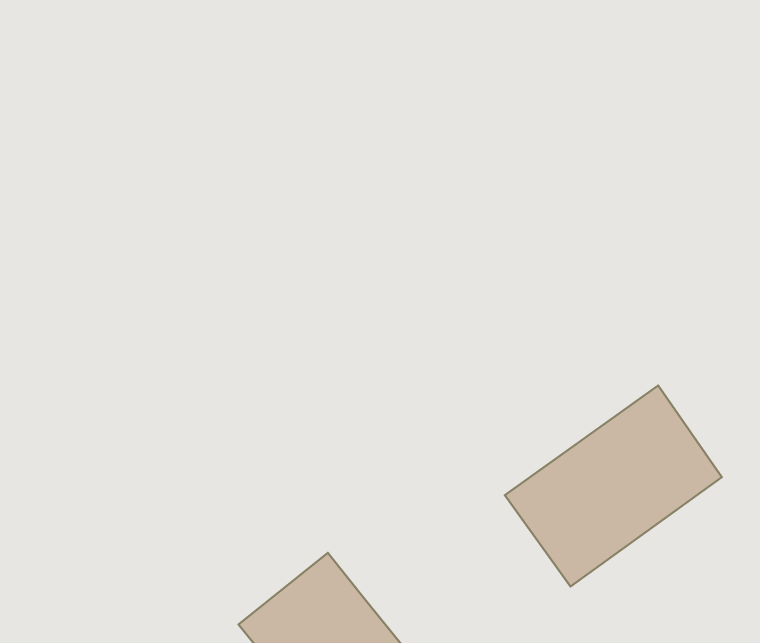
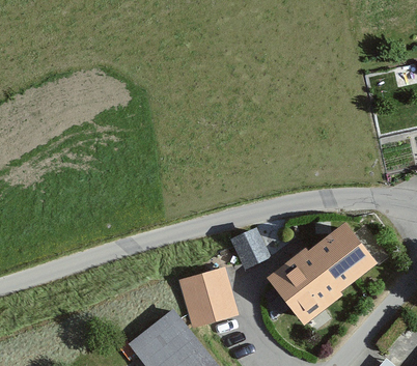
building: none -> [231,227,270,268]
building: none -> [178,266,240,332]

